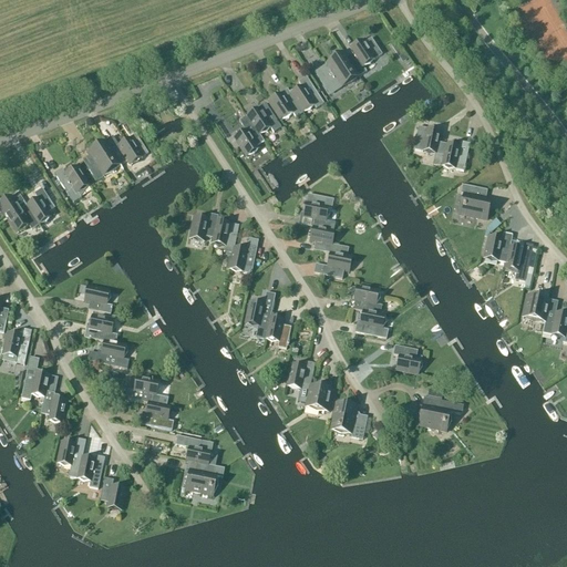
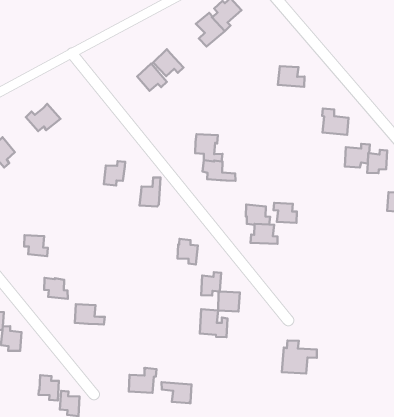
building: [290,74,323,111] -> none
building: [234,114,264,155] -> none
building: [82,138,120,179] -> none
building: [441,140,470,169] -> none
building: [212,219,239,251] -> none
building: [313,251,352,277] -> none
building: [246,290,275,338] -> none
building: [84,313,117,342] -> none
building: [393,344,421,372] -> [273,203,297,223]
building: [417,388,463,430] -> [282,341,317,373]
building: [331,400,367,437] -> [200,309,228,337]
building: [137,401,173,429] -> none
building: [176,434,213,464] -> [162,382,192,403]
building: [58,436,85,472] -> none

